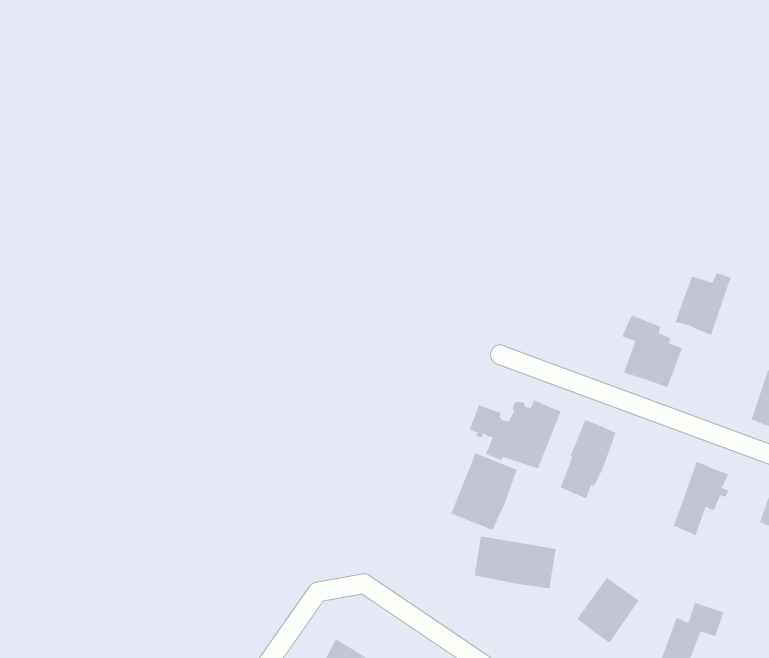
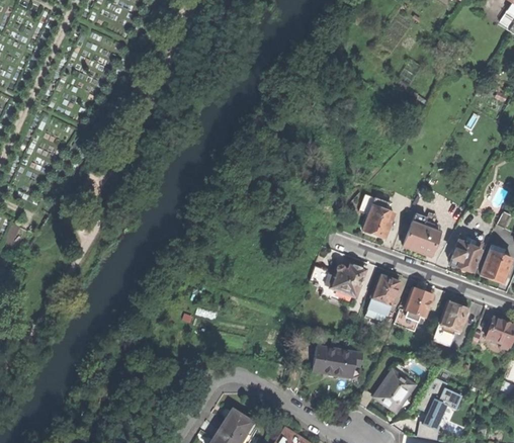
building: [675,272,731,335] -> [450,233,485,271]
building: none -> [359,194,395,238]
building: none -> [395,286,433,330]
building: [451,452,517,531] -> none

